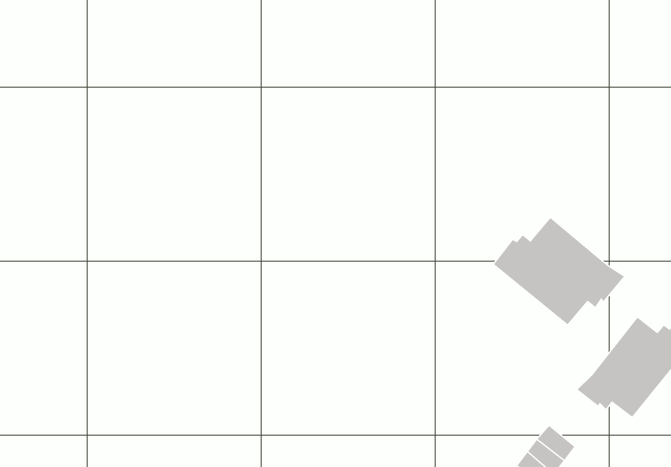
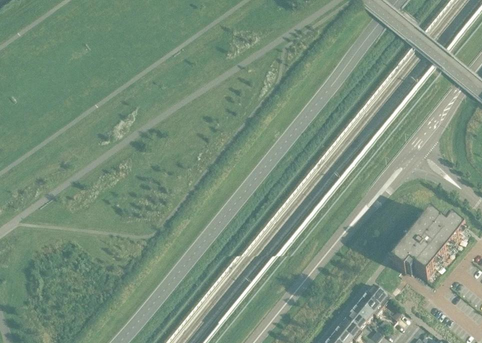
building: [493,217,625,325] -> none

